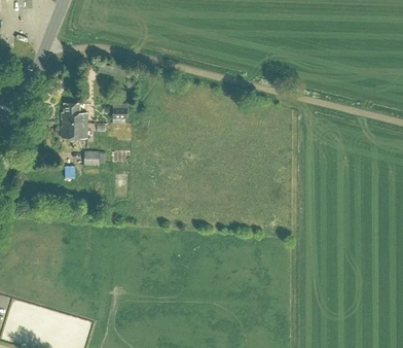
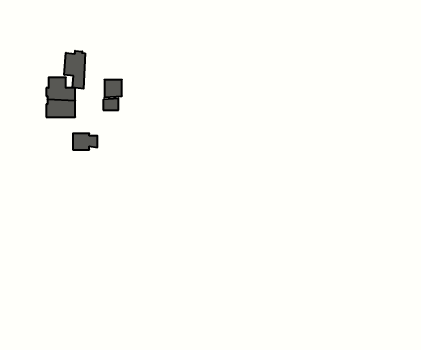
building: none -> [64,51,85,89]

